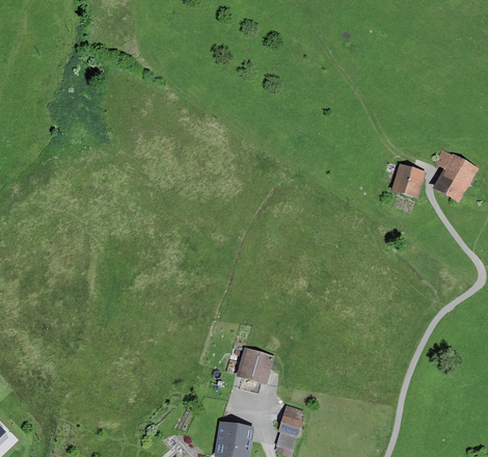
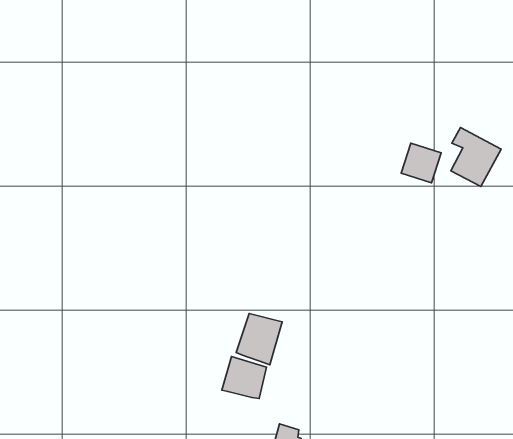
building: none -> [236,314,282,365]

